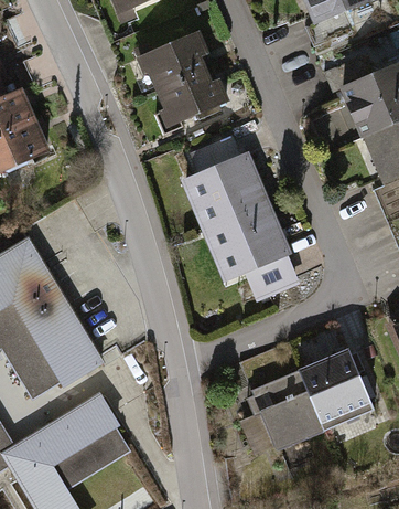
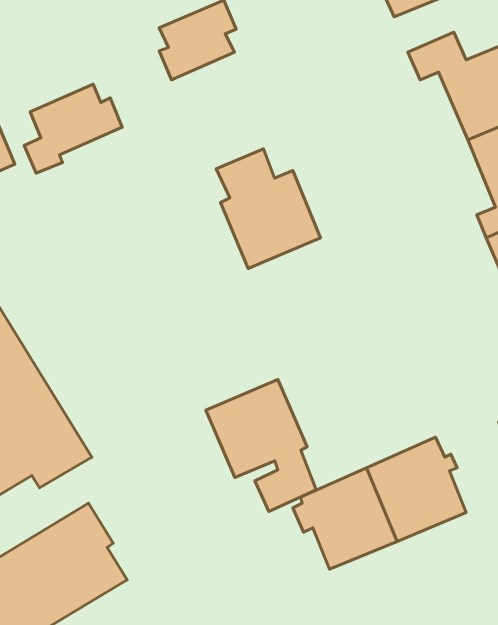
building: [155,71,226,135] -> [24,84,122,173]
building: [215,204,294,299] -> [206,379,316,511]

